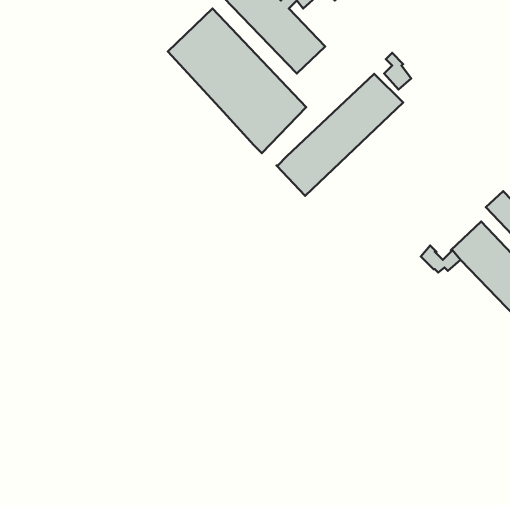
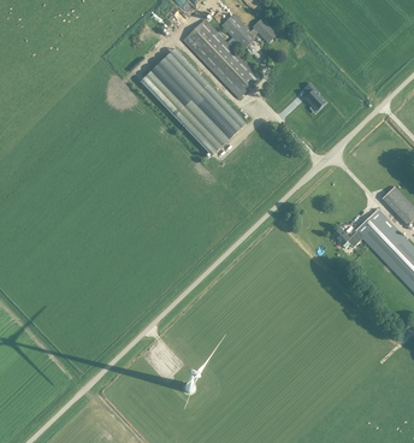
building: [276,74,403,196] -> none

